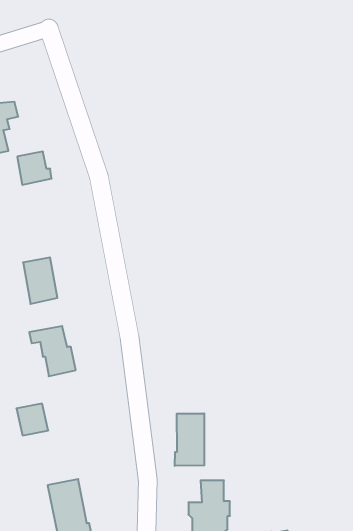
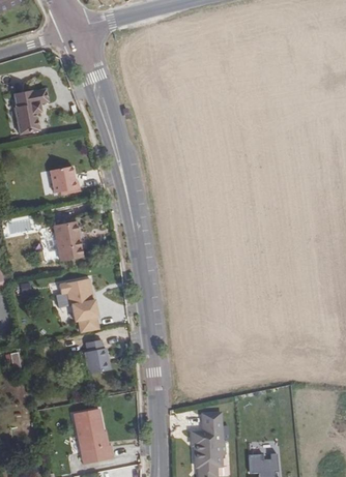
building: [17,152,52,185] -> [50,166,79,193]
building: [16,404,48,435] -> [84,348,111,375]
building: [175,413,204,466] -> none

